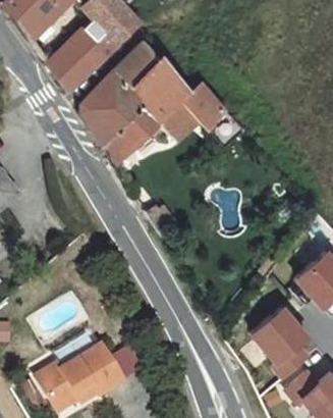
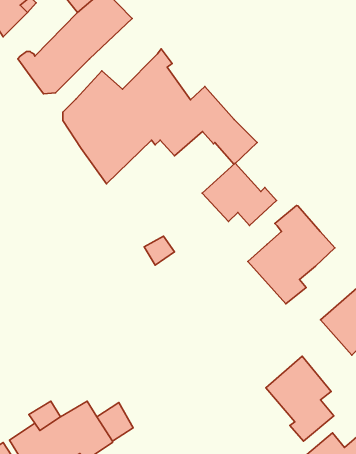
building: [113,40,160,83] -> none
building: none -> [202,163,277,226]
building: none -> [248,205,335,304]

